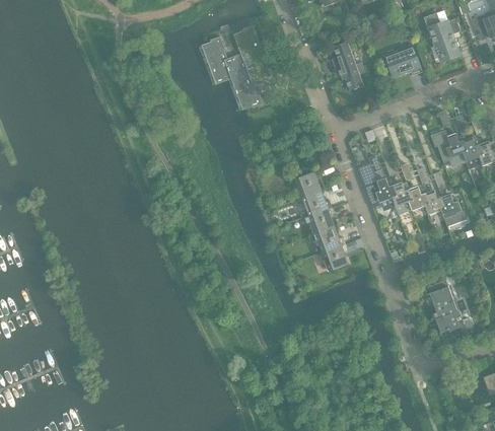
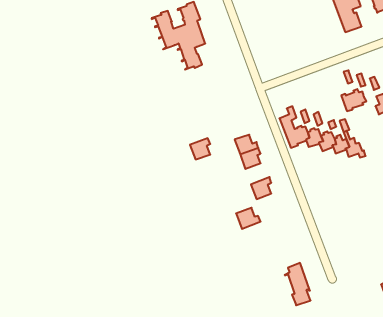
building: [331,41,364,90] -> none
building: [384,45,422,77] -> none
building: [462,136,483,169] -> none
building: [295,170,321,197] -> [190,138,210,159]
building: [315,226,346,253] -> [236,208,261,229]
building: [426,279,458,332] -> [285,263,311,305]

